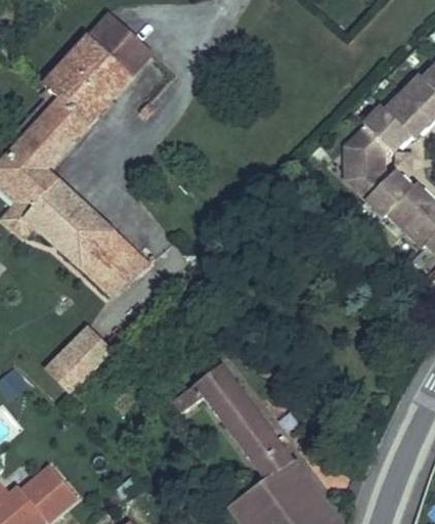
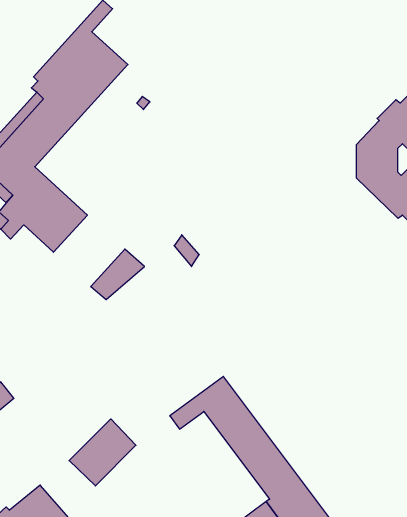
building: [99,21,153,74] -> none
building: [63,214,130,280] -> none
building: [49,329,112,391] -> [69,419,136,486]

